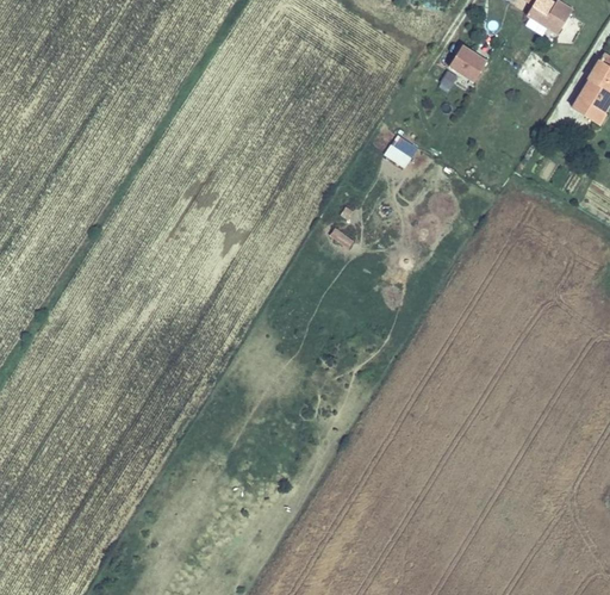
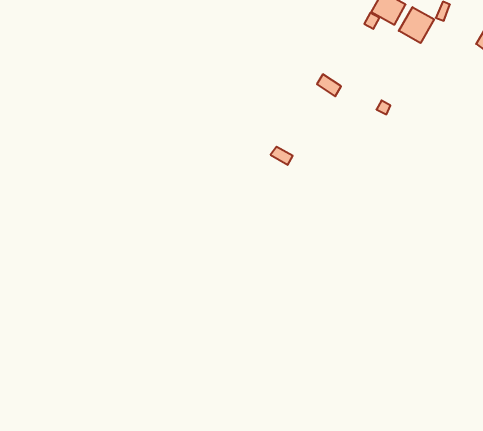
building: none -> [399,7,434,43]

